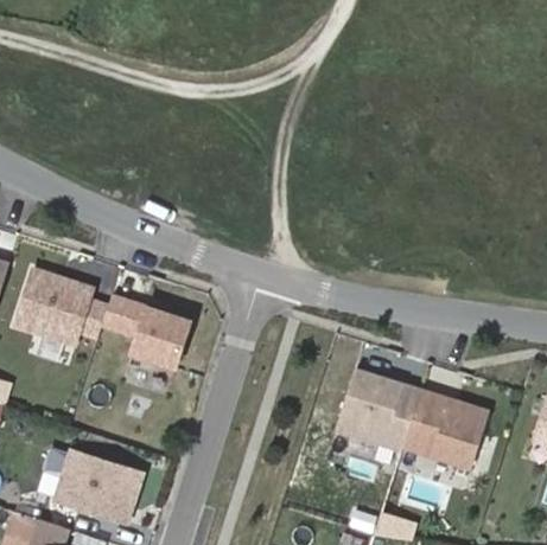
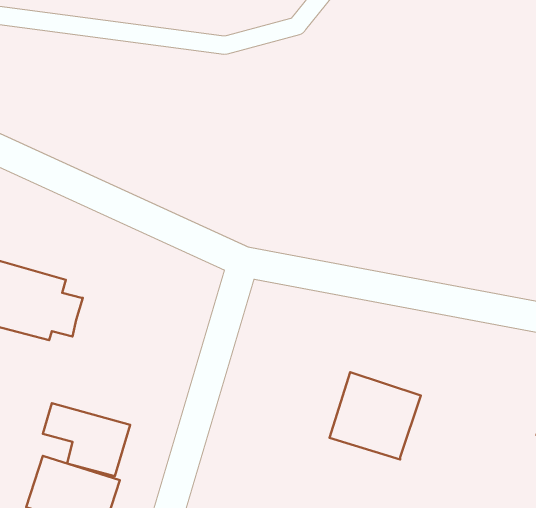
building: [103,295,184,363] -> [43,403,130,476]
building: [402,393,488,472] -> none

